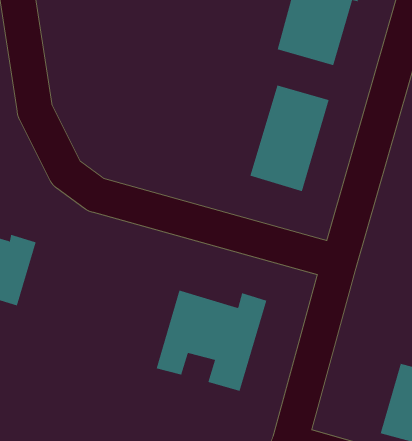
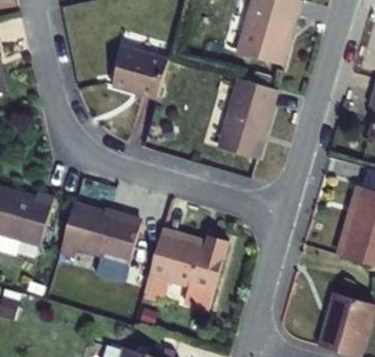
building: none -> [109,45,168,97]
building: none -> [60,203,142,264]

